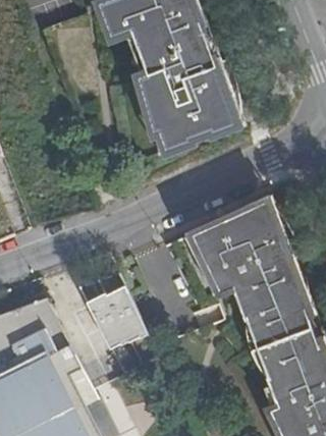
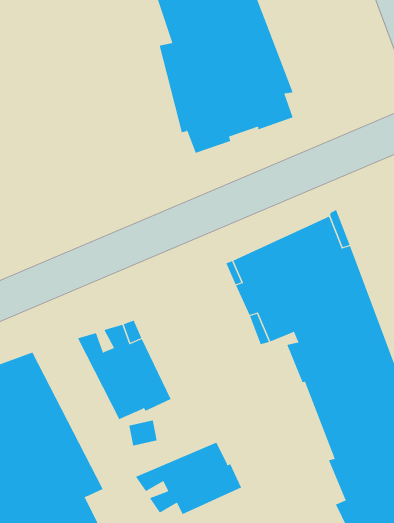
building: none -> [135,442,242,515]

